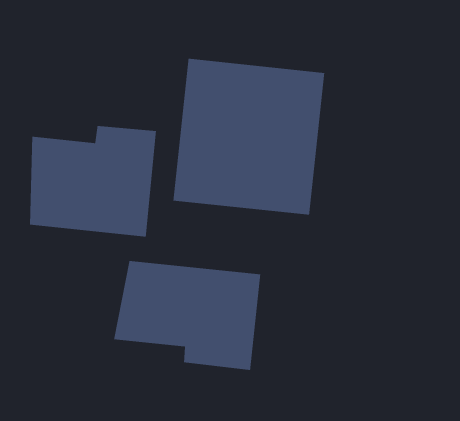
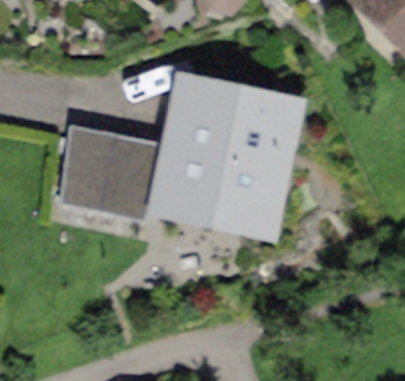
building: [113,260,261,371] -> none

